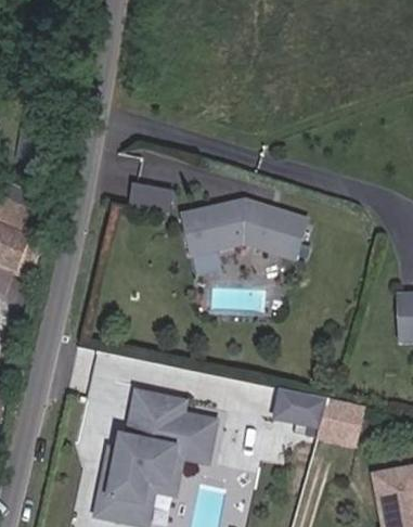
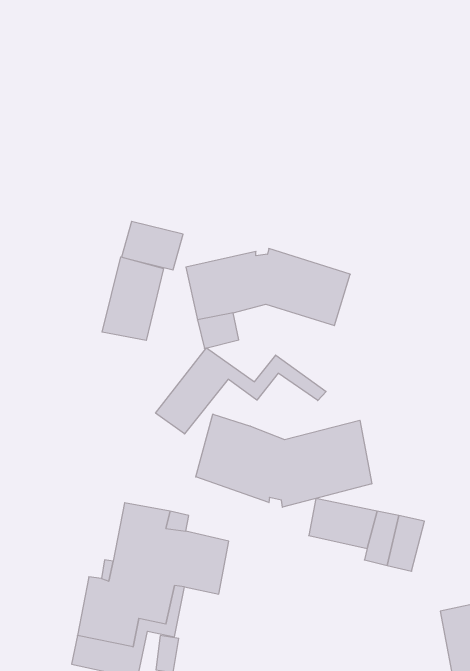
building: none -> [102,257,164,340]
building: none -> [156,348,326,434]
building: none -> [196,414,372,507]

